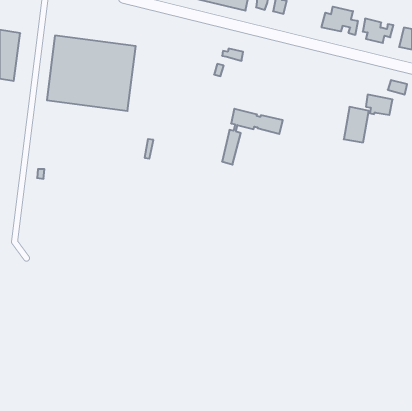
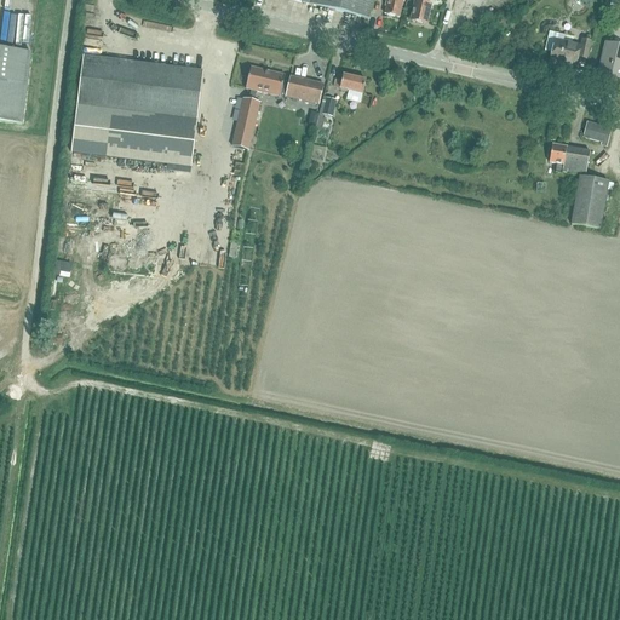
building: [322,7,358,35] -> none
building: [344,107,369,142] -> [569,173,607,226]
building: [222,109,283,165] -> [231,64,322,148]

